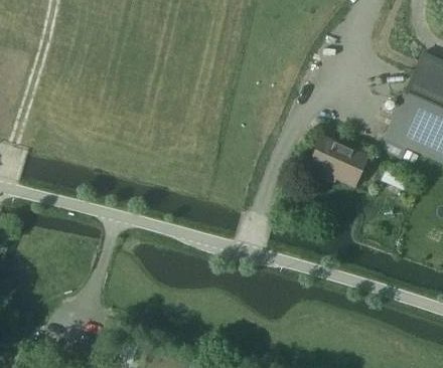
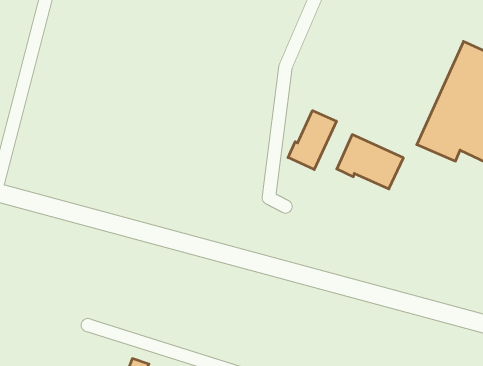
building: none -> [288,111,336,170]

